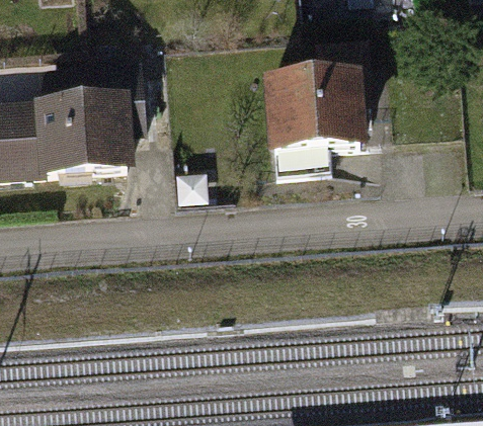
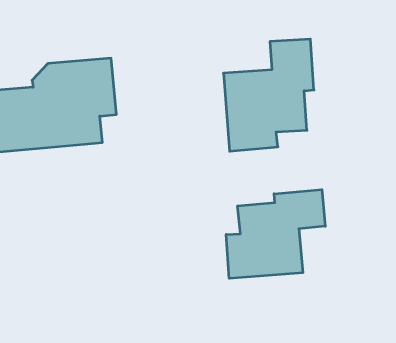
building: none -> [226,190,325,278]

